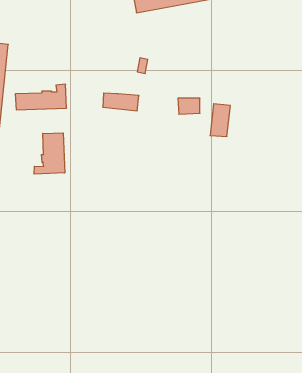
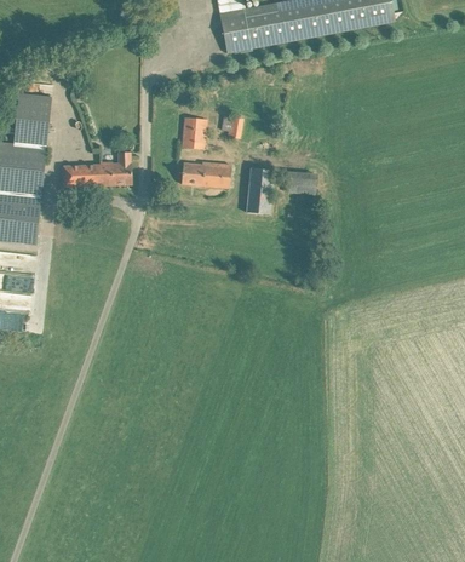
building: none -> [180,117,206,149]
building: [210,104,230,136] -> [245,168,272,213]
building: [34,133,65,174] -> none

